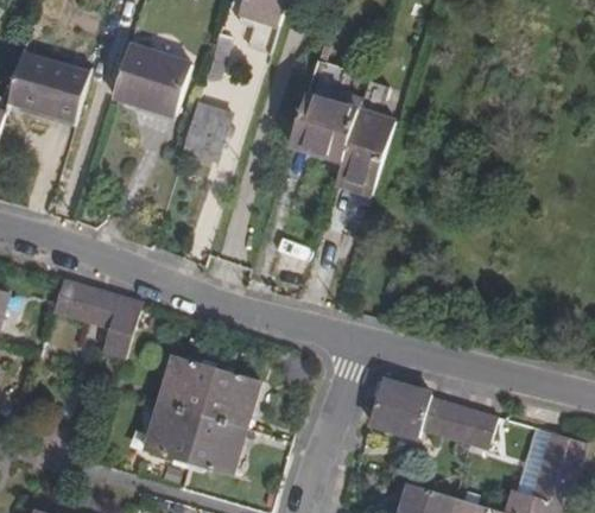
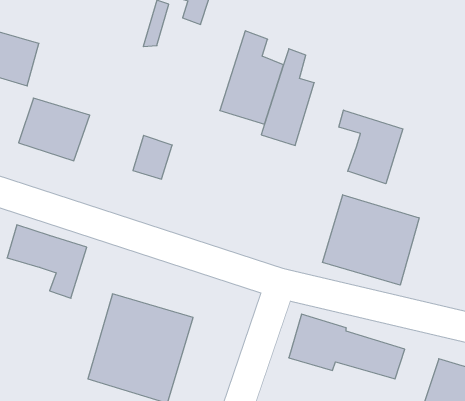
building: [110,46,190,116] -> [19,98,90,161]
building: [184,104,228,153] -> [133,135,172,179]
building: none -> [339,110,403,184]
building: none -> [322,195,419,285]

